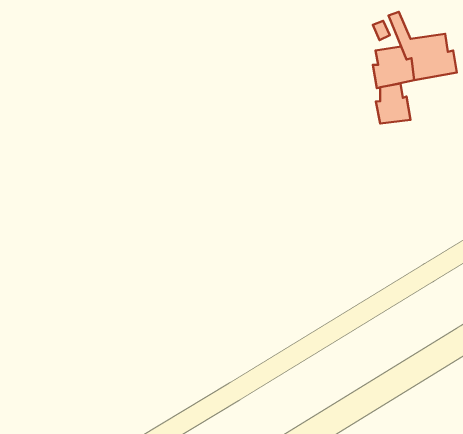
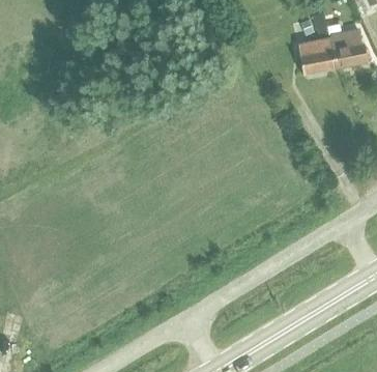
building: [376,83,410,123] -> none

